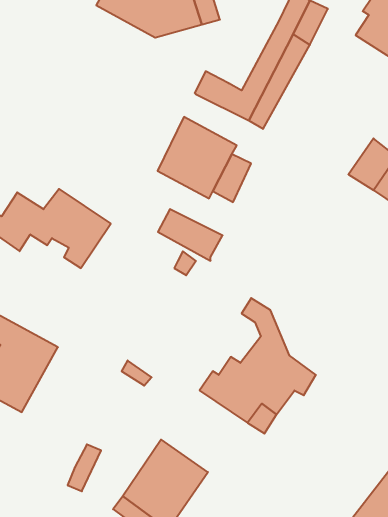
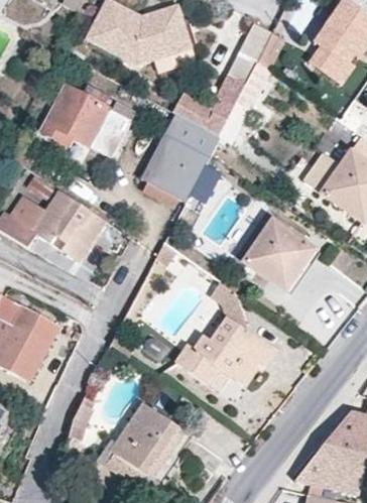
building: none -> [38,83,130,156]
building: [158,209,223,261] -> [162,112,217,155]
building: none -> [244,220,312,287]

